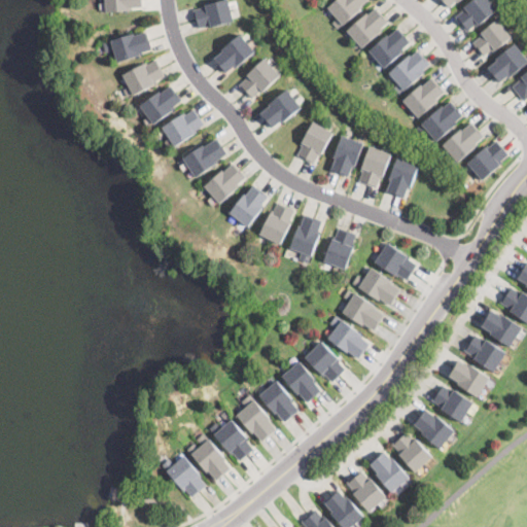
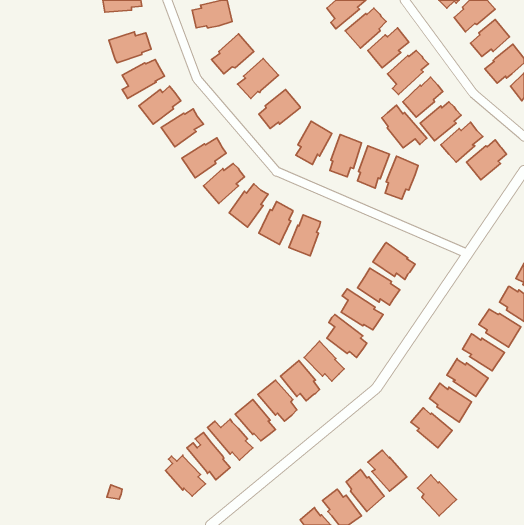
building: none -> [382,105,427,148]
building: [323,226,355,270] -> none
building: [392,431,431,472] -> [418,475,457,516]

